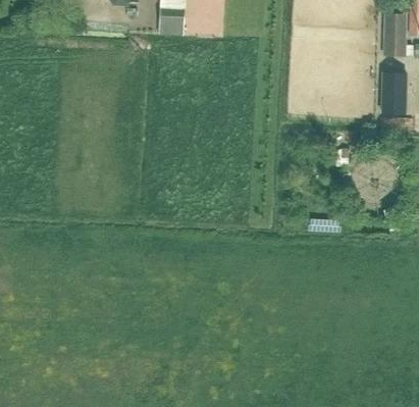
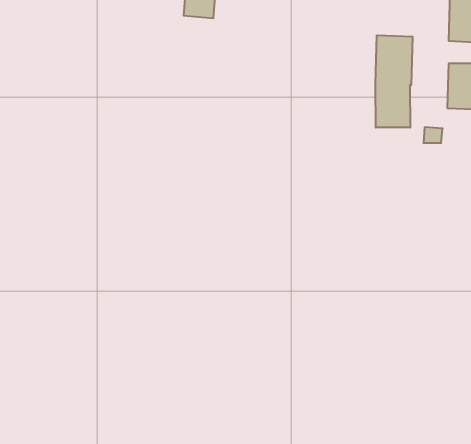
building: none -> [375,35,413,128]

